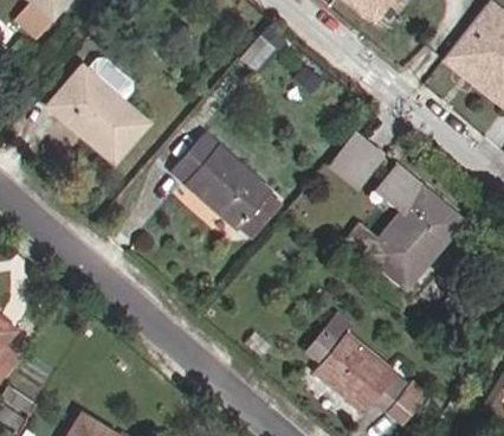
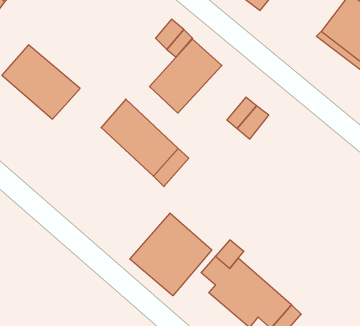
building: none -> [149,39,222,113]
building: [349,164,464,288] -> none
building: none -> [130,213,212,296]

